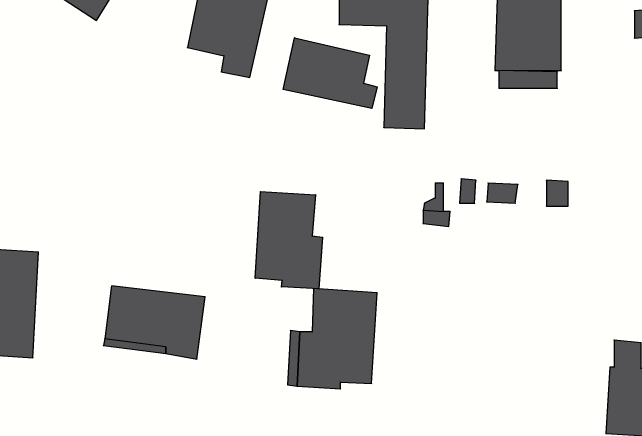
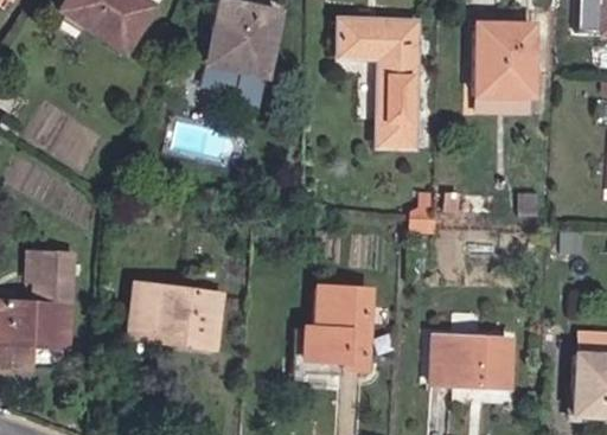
building: [283,38,377,108] -> none
building: [255,192,323,289] -> none
building: none -> [429,334,510,386]

